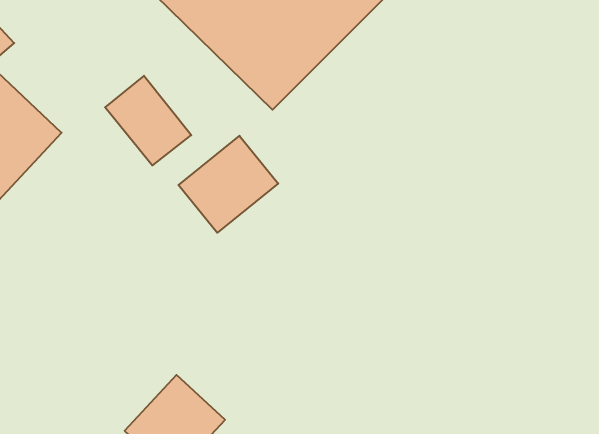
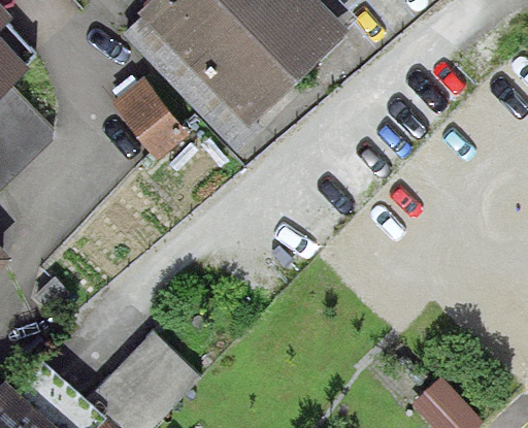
building: [178,136,278,233] -> none

